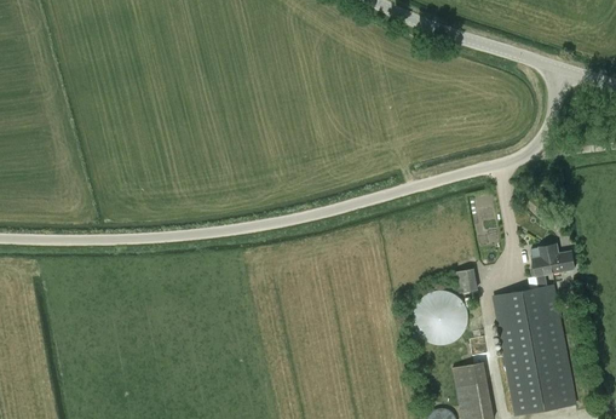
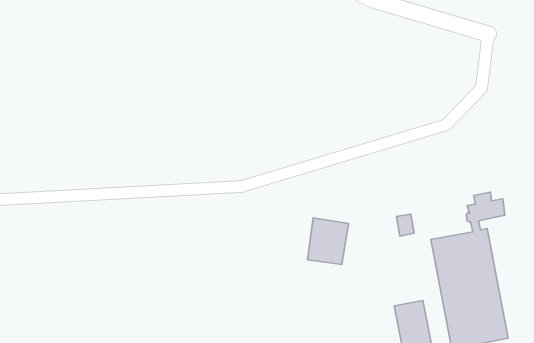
building: [424,289,468,340] -> [308,218,349,264]

